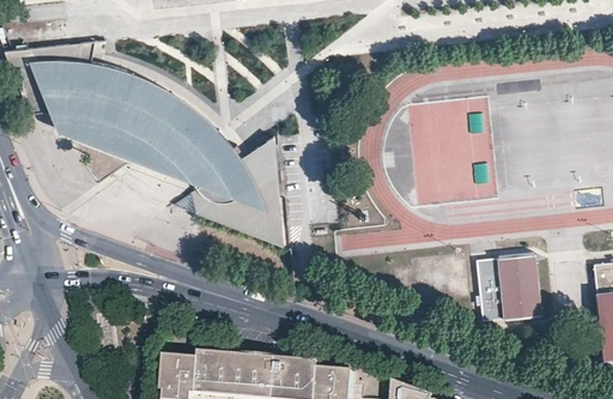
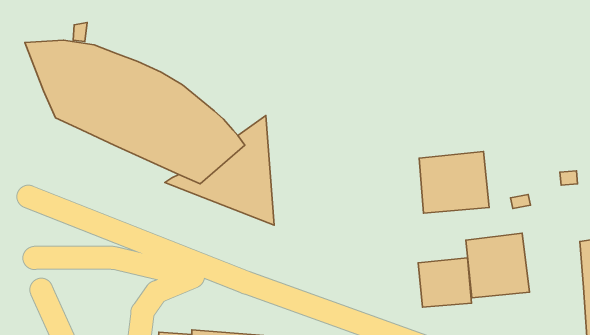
building: none -> [419,152,489,213]
building: none -> [418,258,471,307]

